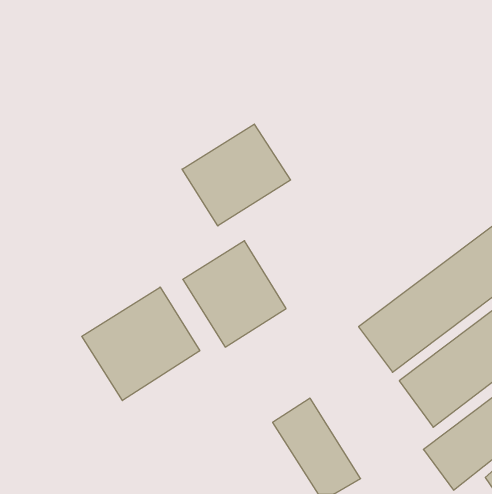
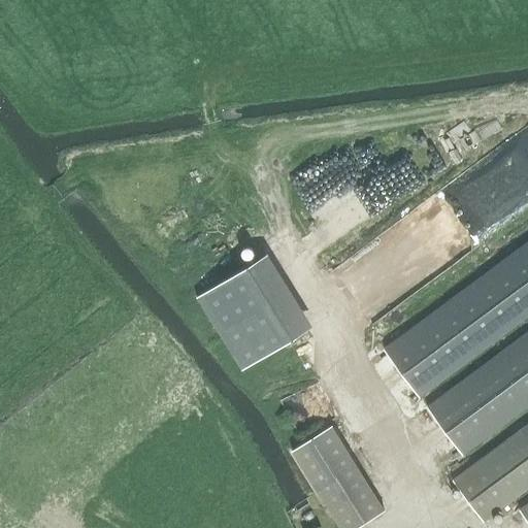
building: [182,124,291,226] -> none
building: [82,287,200,401] -> none

